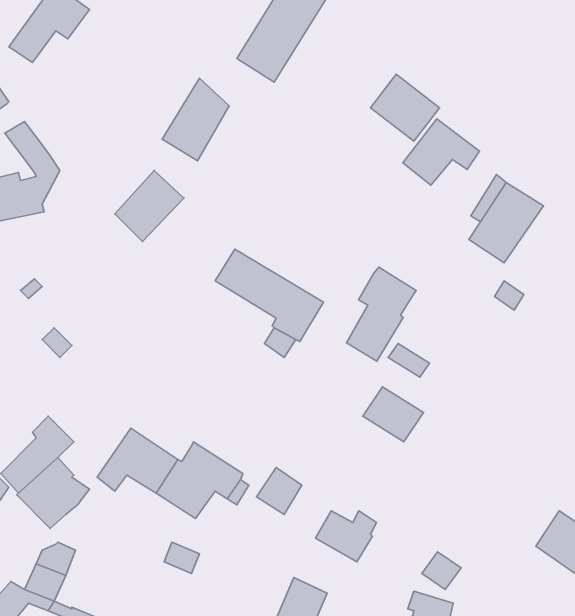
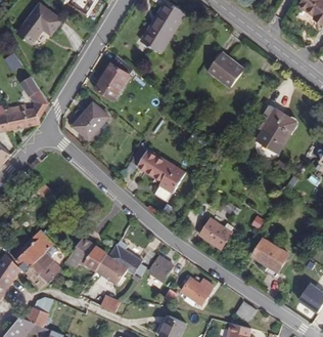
building: [403,119,480,185] -> none
building: [347,267,416,361] -> none
building: none -> [256,237,289,272]

